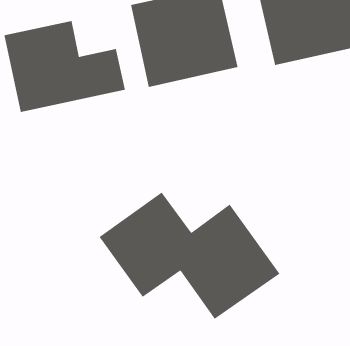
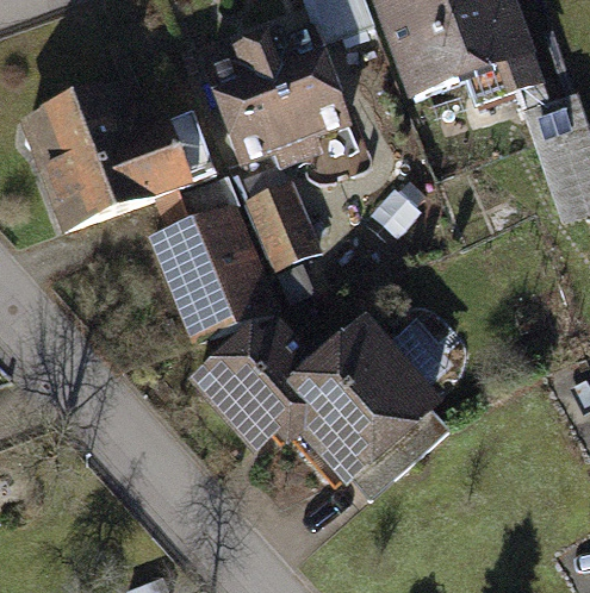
building: none -> [136,175,348,343]

